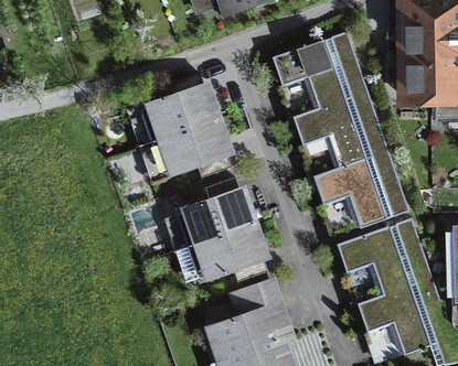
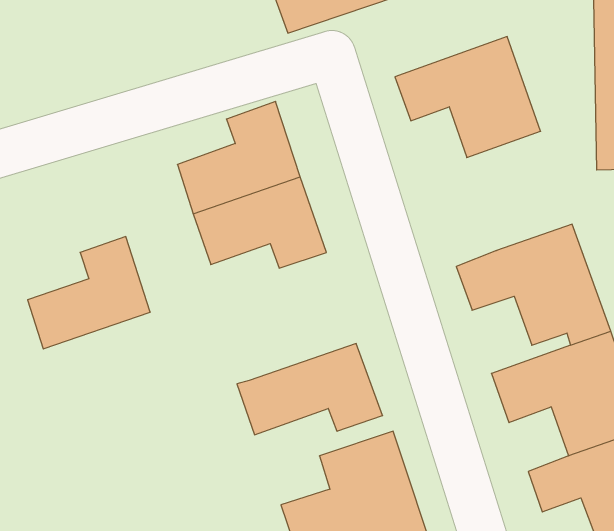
building: [294,89,385,164] -> none
building: [172,175,249,246] -> [28,237,150,349]

